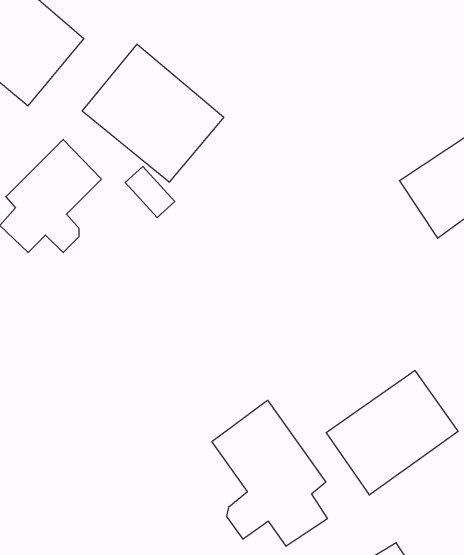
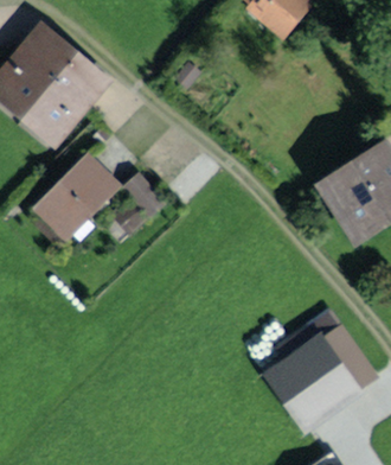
building: [82,44,224,182] -> none
building: [212,400,327,546] -> none

